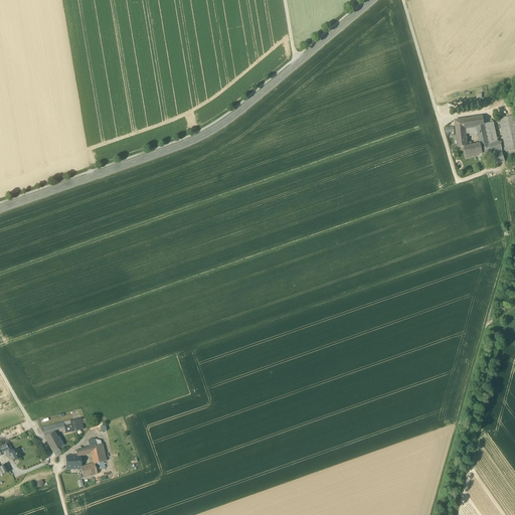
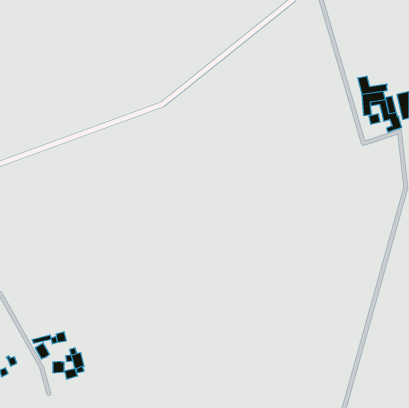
building: none -> [358,76,387,95]

